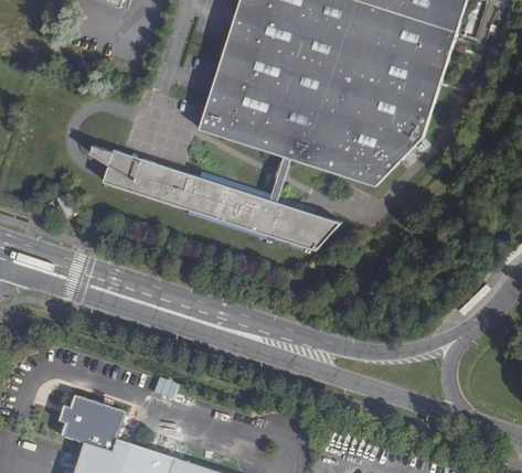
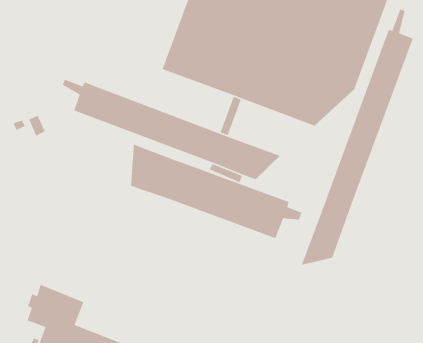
building: none -> [300,8,414,266]
building: none -> [130,143,303,239]

